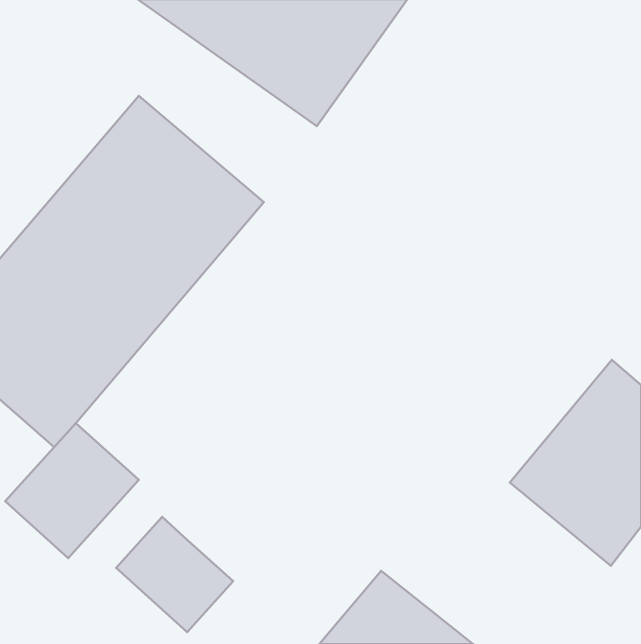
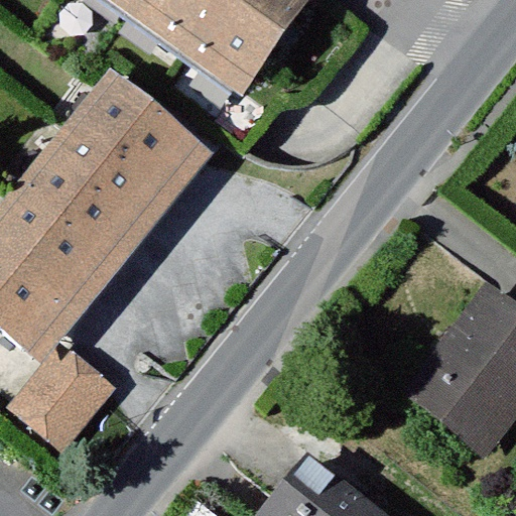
building: [116,517,233,632] -> none

